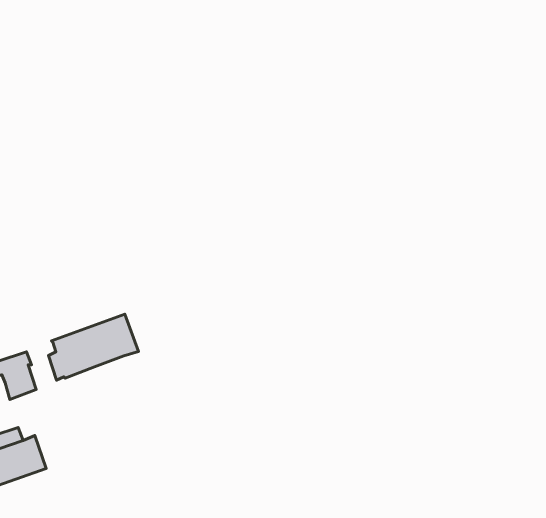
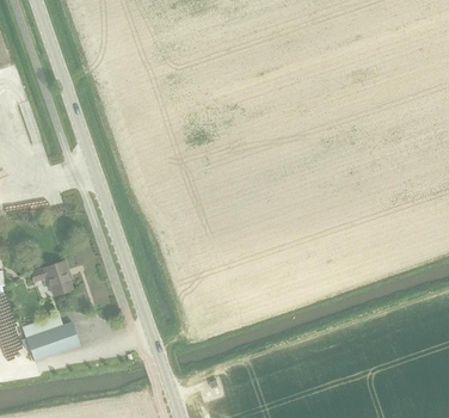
building: [48,314,139,380] -> none

